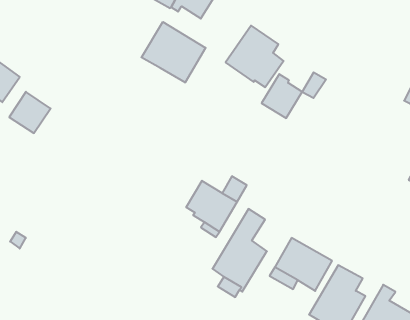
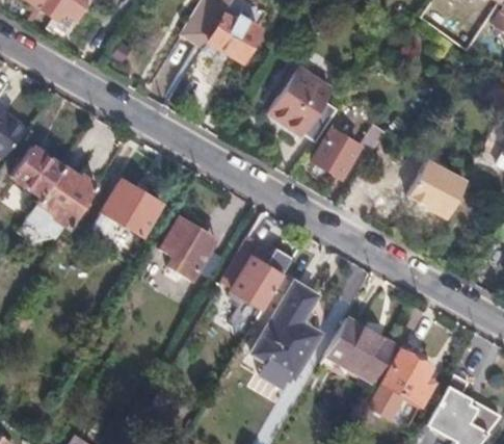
building: [141,22,206,83] -> none
building: none -> [408,156,463,212]
building: none -> [27,165,100,237]
building: none -> [91,181,162,257]
building: none -> [162,216,211,281]

